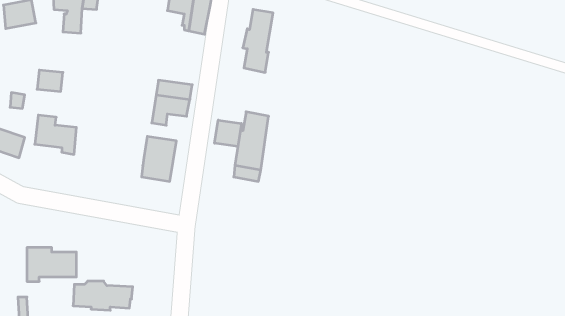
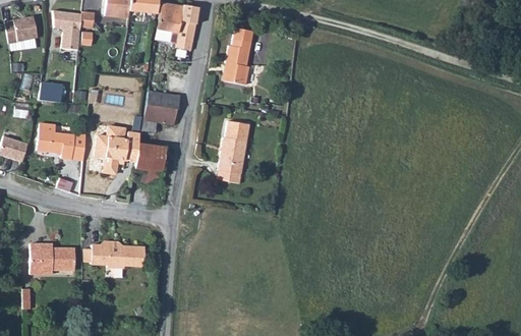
building: none -> [94,126,139,174]
building: [215,120,241,147] -> none
building: [73,281,133,310] -> [91,241,144,268]

